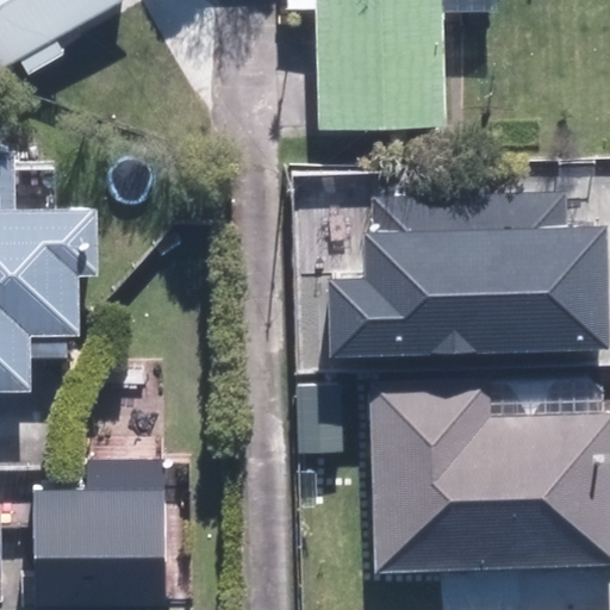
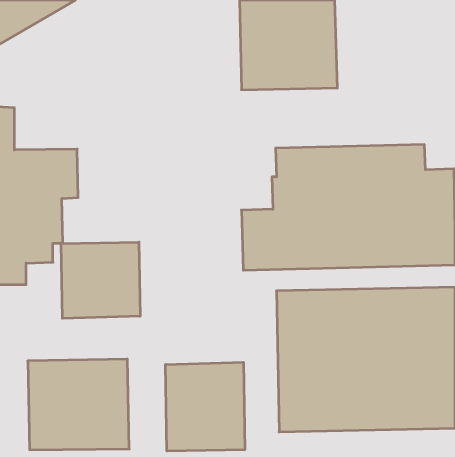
building: none -> [61,242,140,318]
building: none -> [166,362,245,451]

